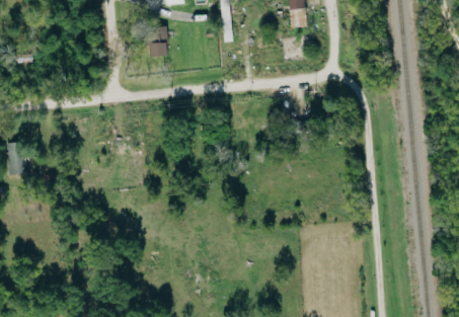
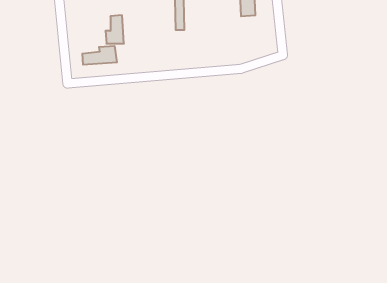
building: none -> [82,46,117,65]

